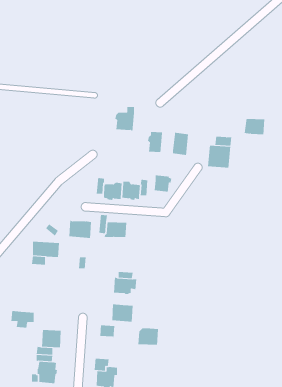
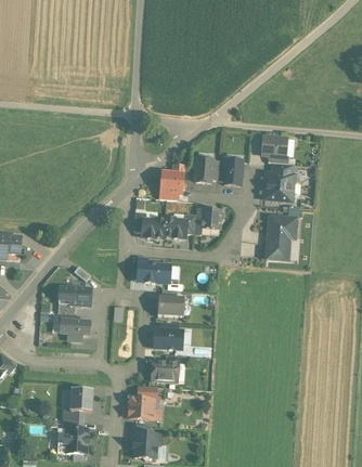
building: [115,106,135,131] -> [160,165,184,194]
building: [244,118,265,135] -> [262,137,287,156]
building: none -> [267,216,296,259]
building: [69,220,92,238] -> [158,295,185,316]
building: [10,311,34,328] -> [62,320,90,340]
building: [138,328,159,345] -> [129,398,154,418]

